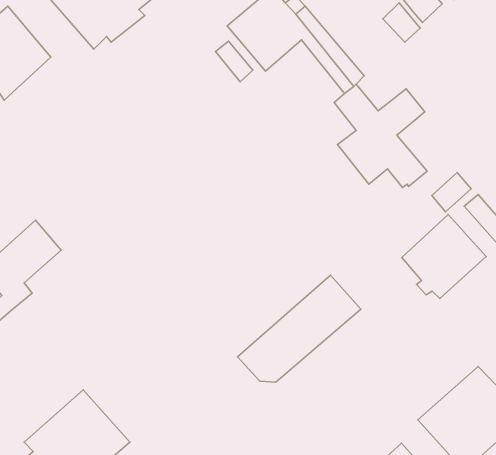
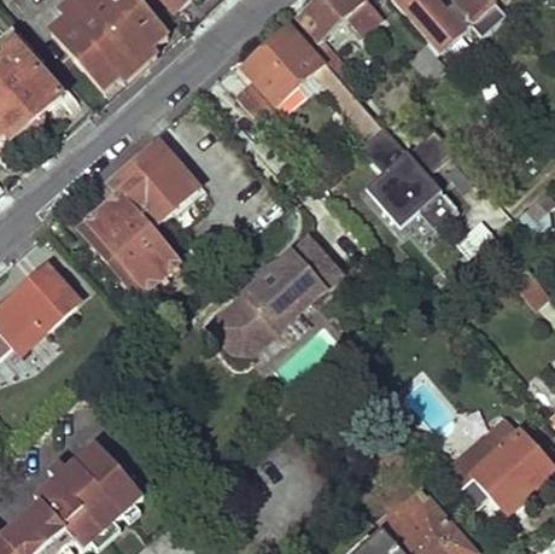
building: none -> [78,139,195,296]
building: [402,214,486,299] -> none
building: [238,275,361,382] -> [208,240,335,351]

